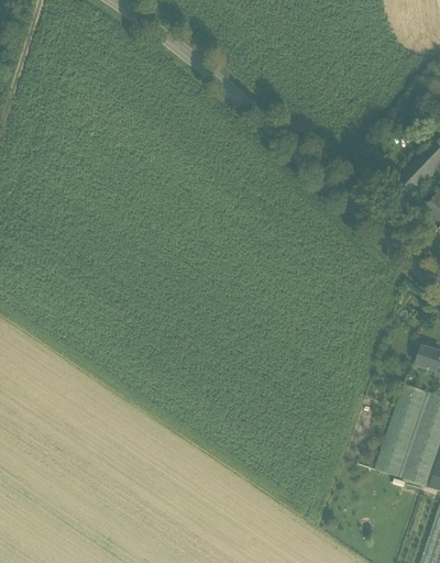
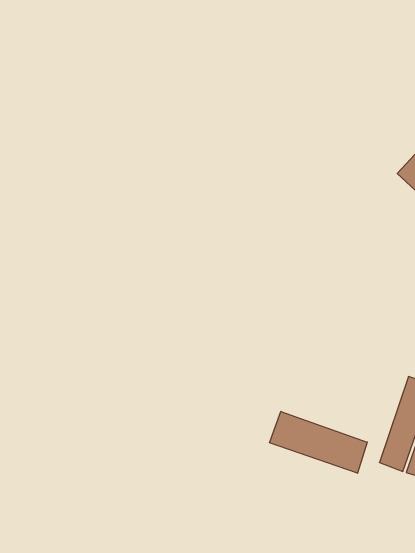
building: none -> [269,411,367,473]

